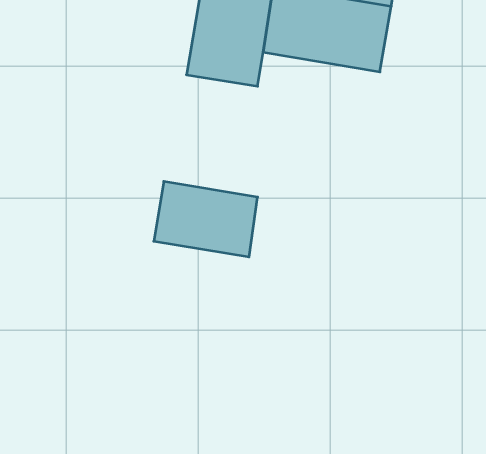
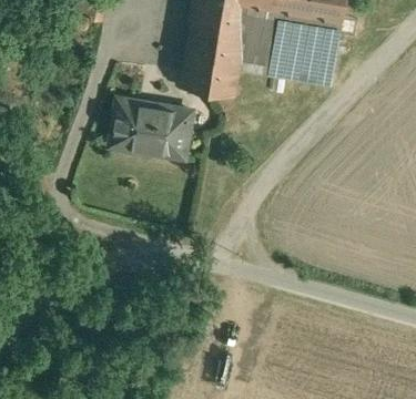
building: [154,181,258,257] -> [111,98,192,156]

